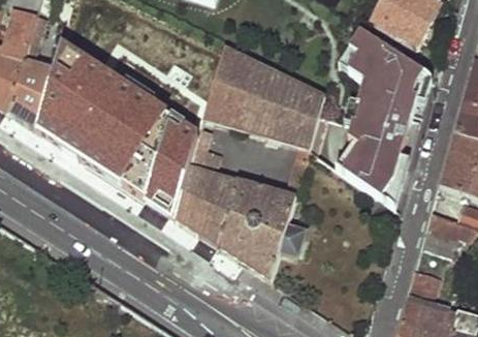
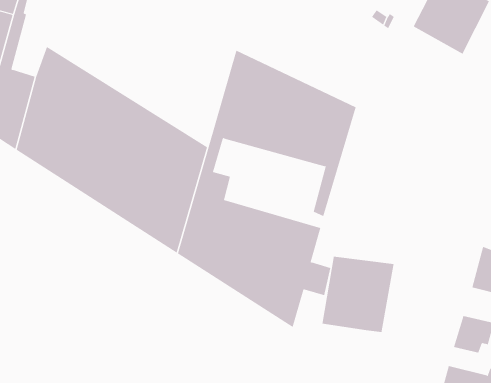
building: [331,30,422,207] -> none
building: none -> [322,256,394,333]

